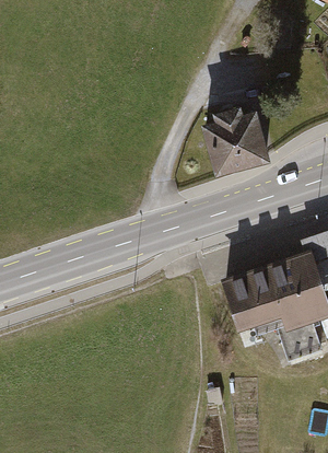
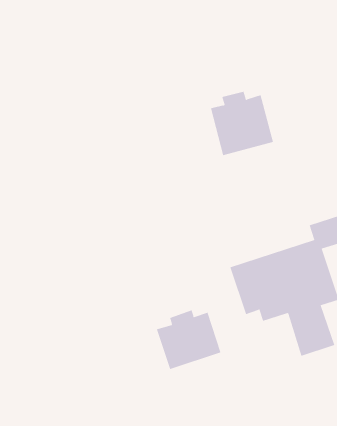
building: none -> [156,310,221,370]

